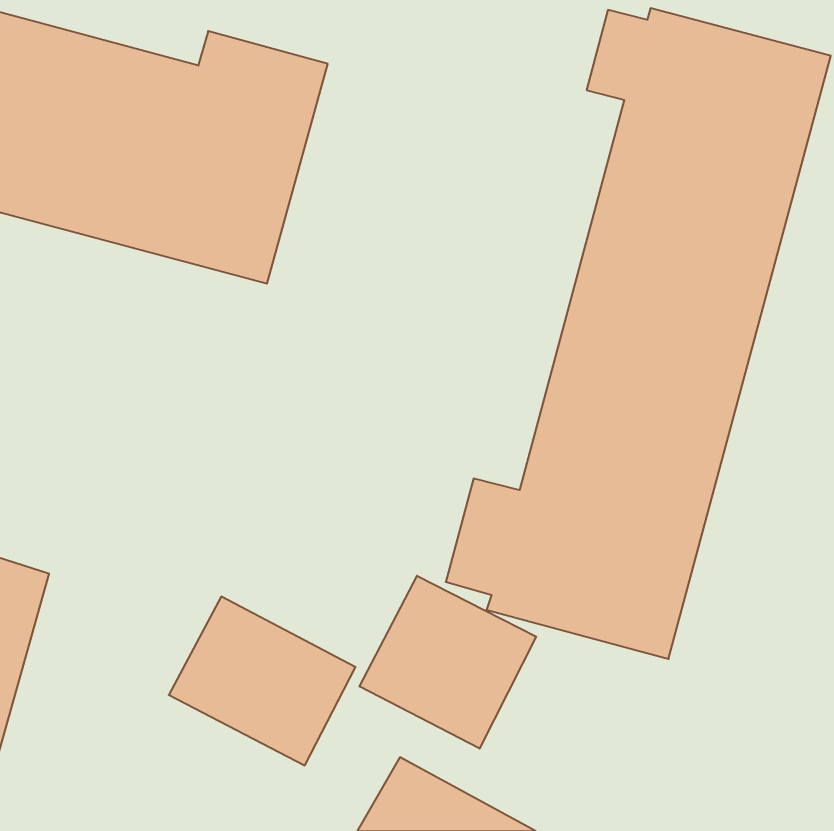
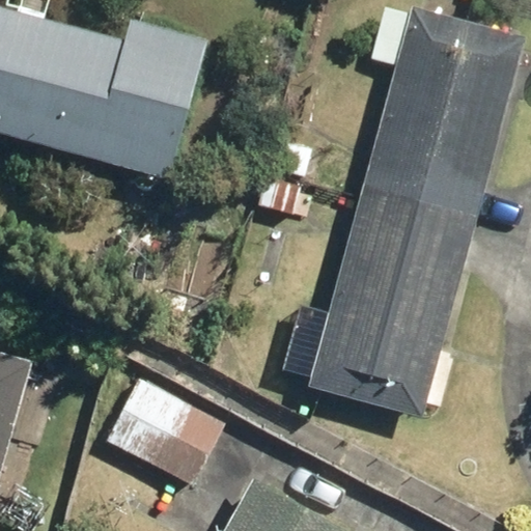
building: [360,576,536,749] -> none

